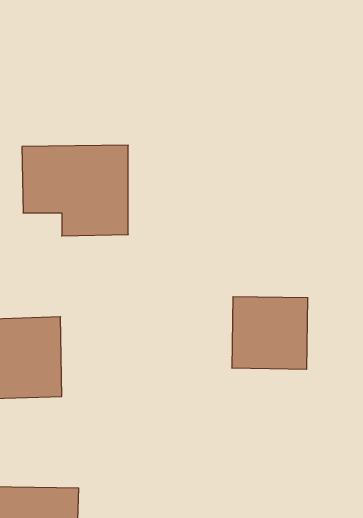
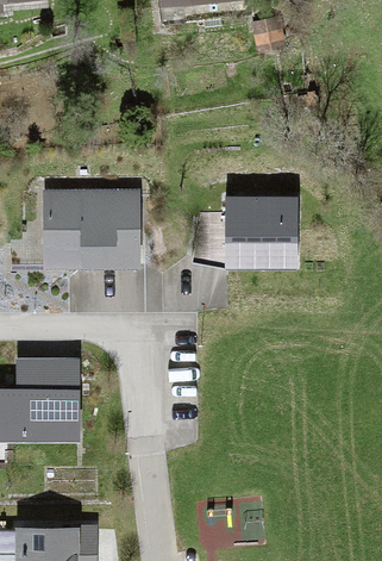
building: [232,297,308,369] -> [223,199,298,270]

